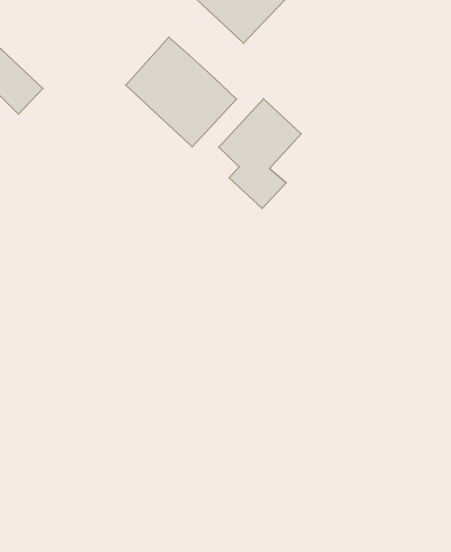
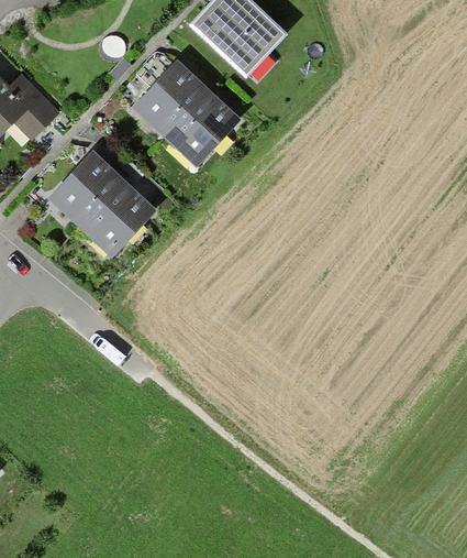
building: [219,99,301,209] -> none
building: none -> [49,153,154,258]

